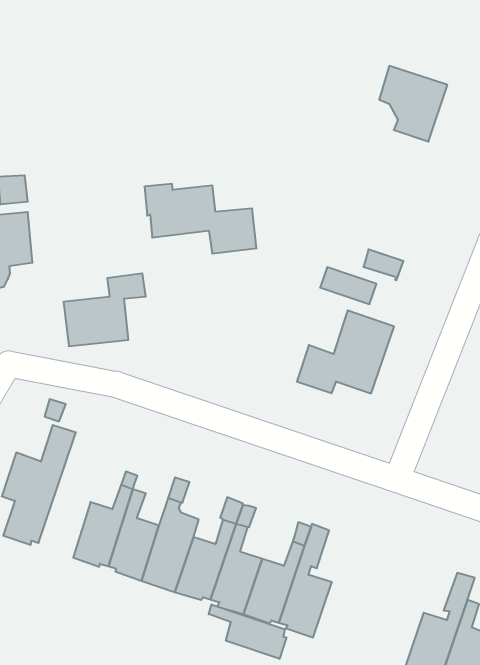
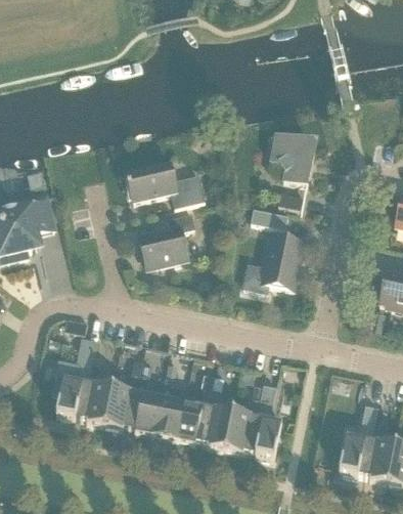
building: [379,66,447,142] -> [270,136,315,184]
building: [63,273,146,346] -> [139,212,194,267]
building: none -> [80,365,111,425]
building: [209,604,286,659] -> none

